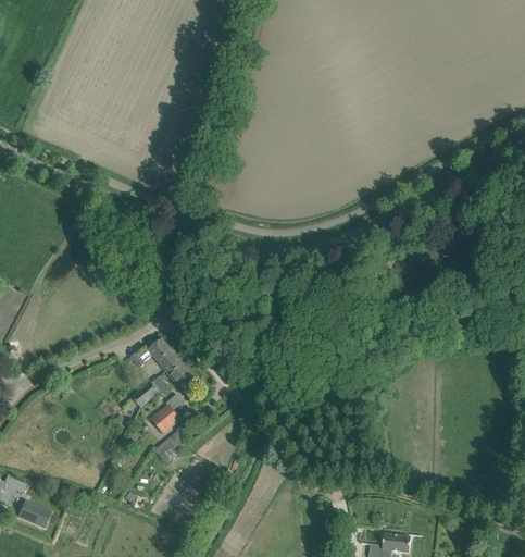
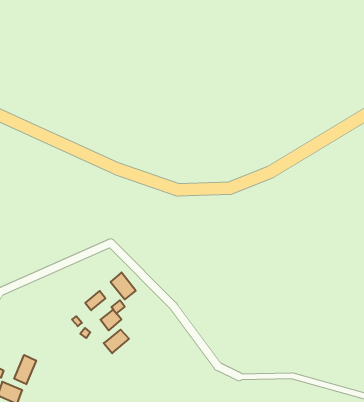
building: [130,338,178,370] -> none
building: none -> [14,355,36,384]

